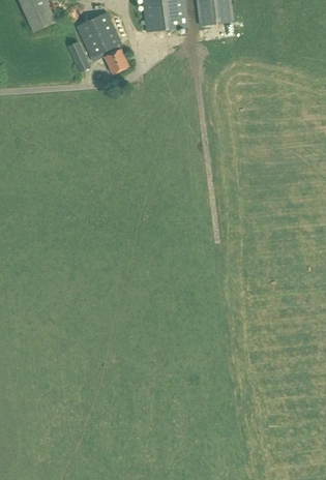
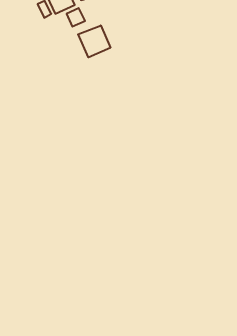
building: none -> [78,25,110,57]

